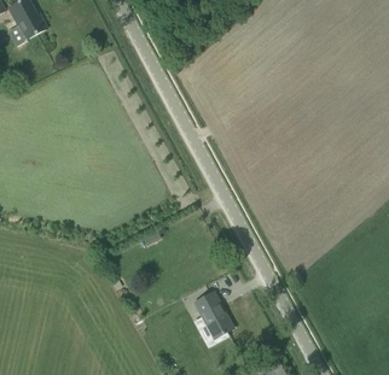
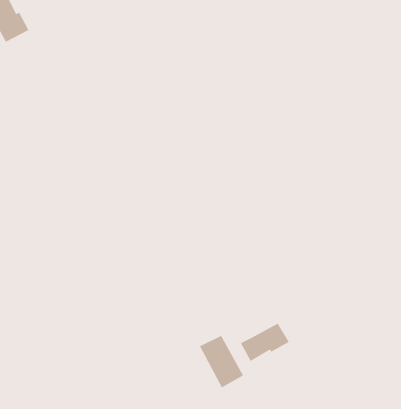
building: none -> [240,323,289,362]

